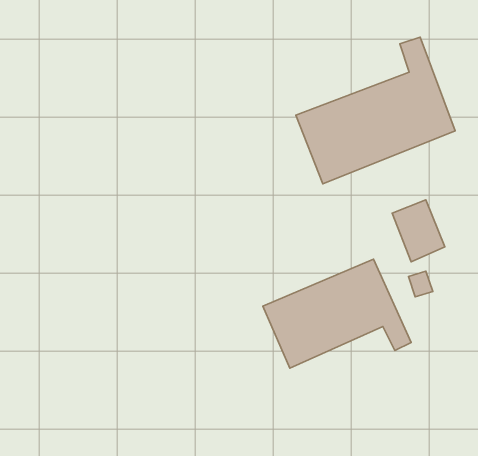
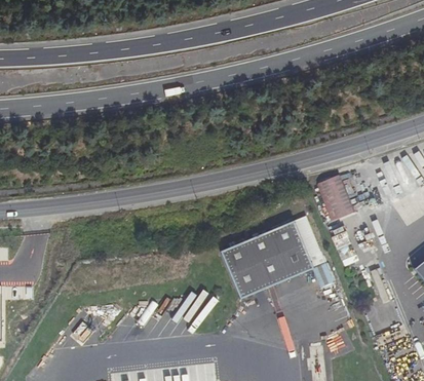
building: [296,37,455,184] -> none

